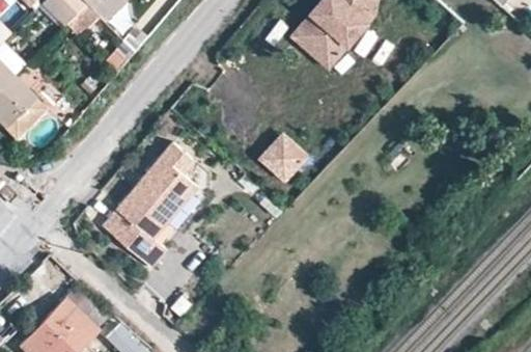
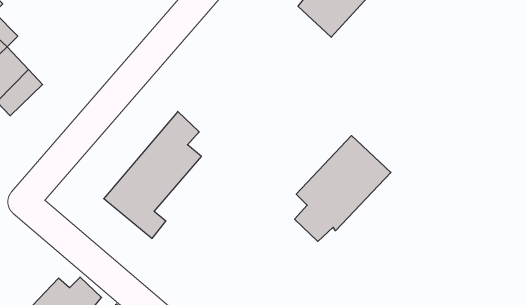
building: [262,137,304,178] -> none
building: none -> [295,136,391,241]

